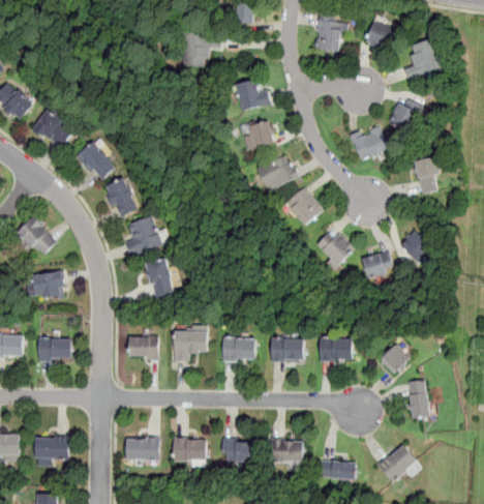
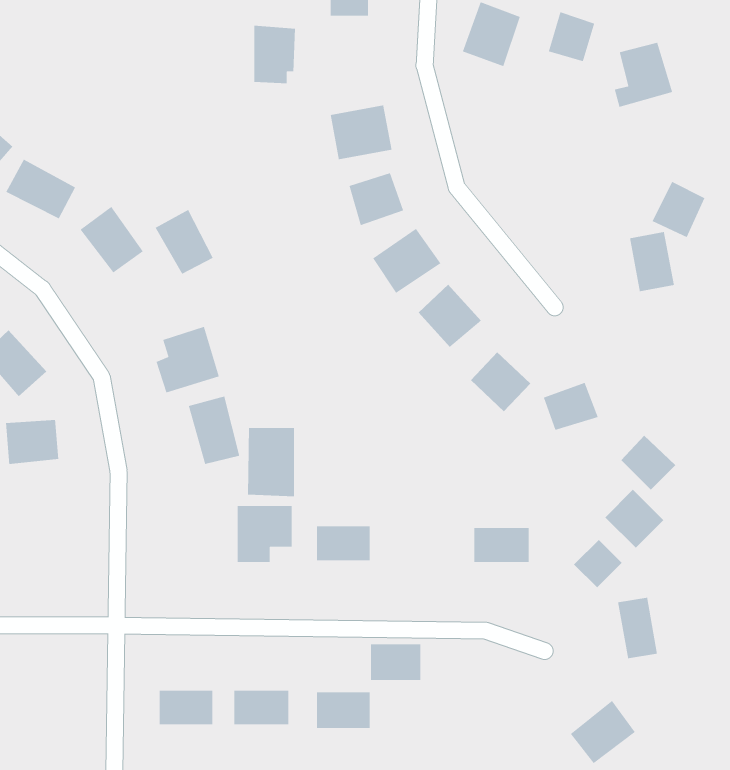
building: [388,96,421,131] -> [652,181,706,238]
building: [349,125,388,162] -> none
building: [102,177,139,217] -> [155,209,214,275]
building: [398,229,432,263] -> [620,435,676,491]
building: none -> [247,427,295,497]
building: none -> [605,489,664,549]
building: [128,335,157,358] -> none
building: [36,337,70,360] -> none
building: [270,337,303,360] -> none
building: [34,435,67,462] -> none
building: [271,440,302,463] -> [370,644,421,681]
building: [316,457,356,480] -> none

